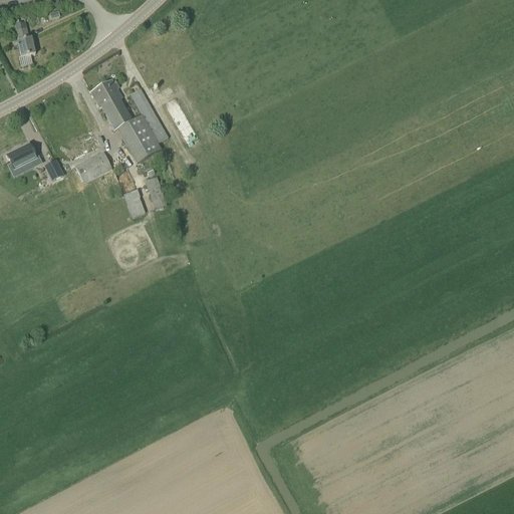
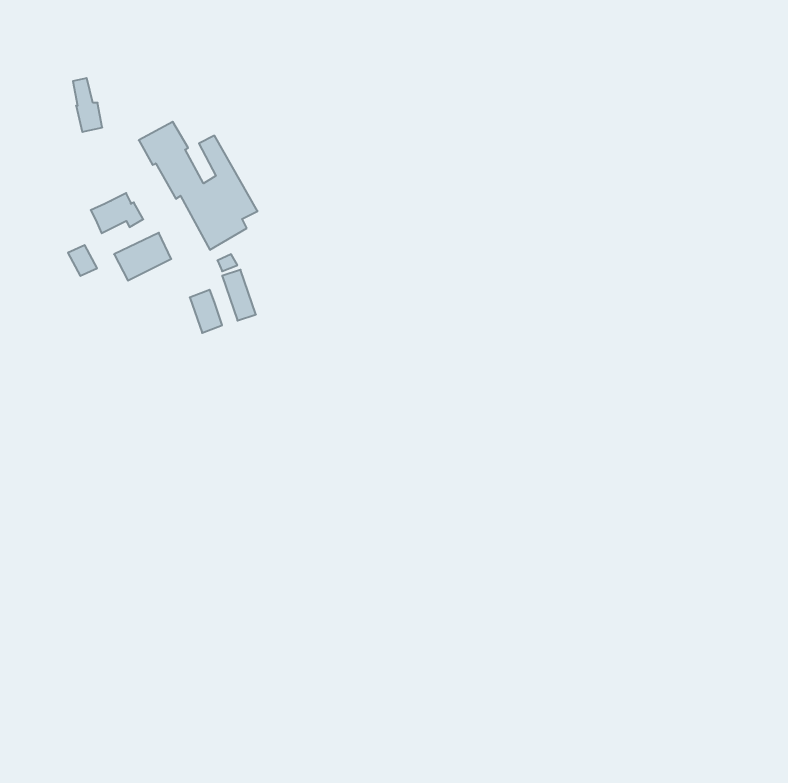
building: [15,21,34,56] -> [73,78,102,132]
building: [5,144,39,170] -> [91,193,143,233]

